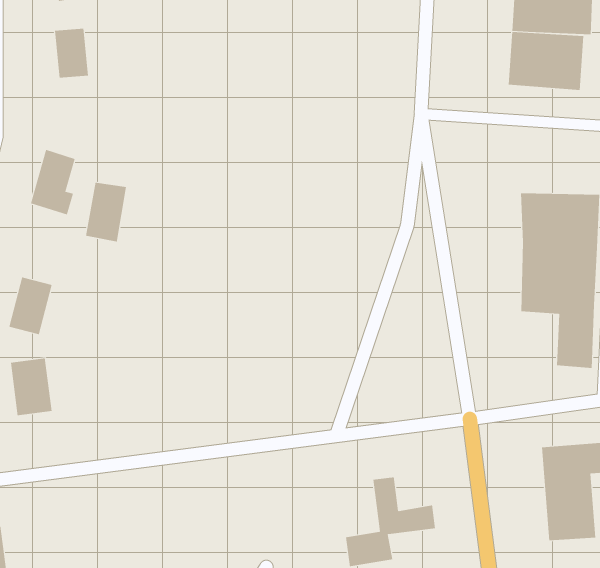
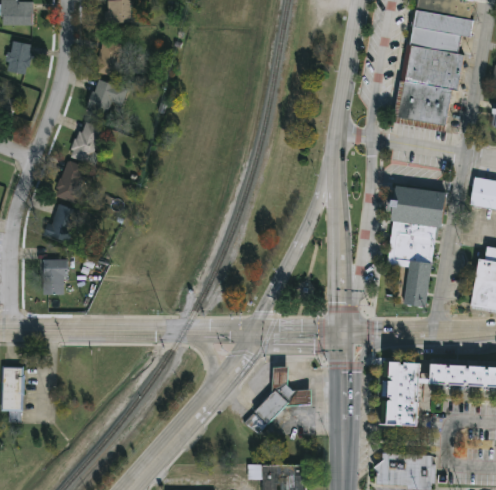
building: none -> [86,78,127,115]
building: [85,182,127,242] -> [55,161,87,203]

